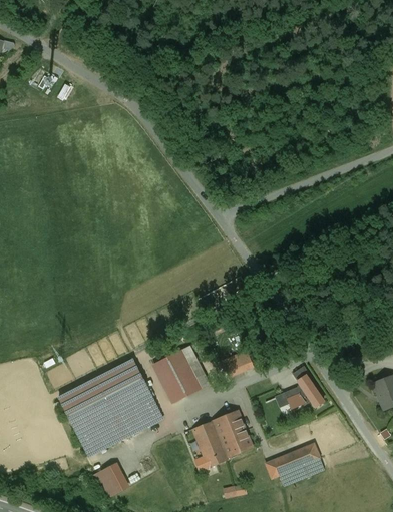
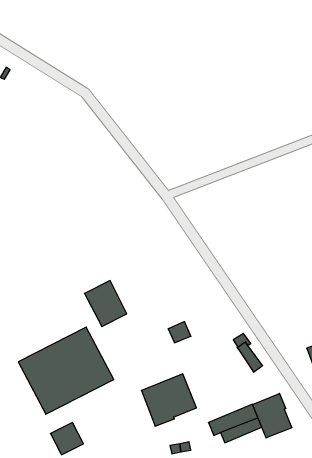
building: [153,351,200,401] -> [84,281,127,327]
building: [275,385,310,408] -> none
building: none -> [253,393,292,438]

